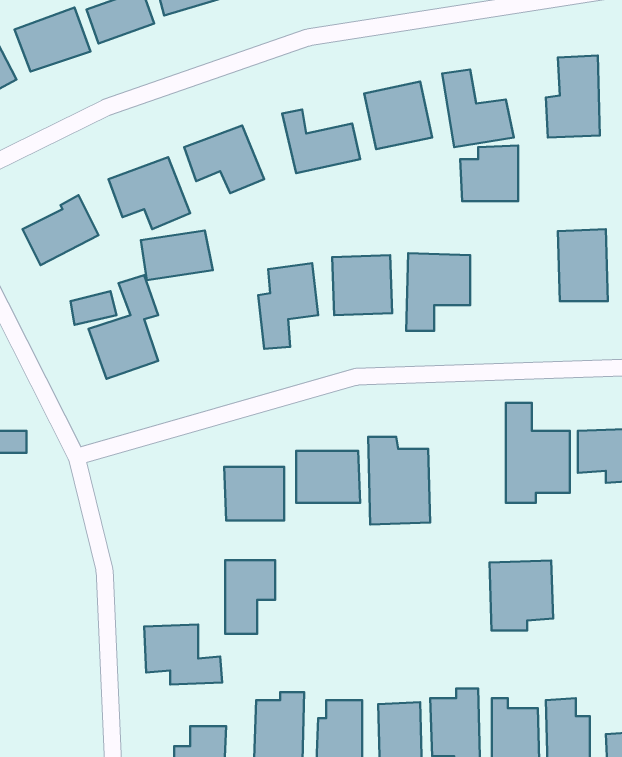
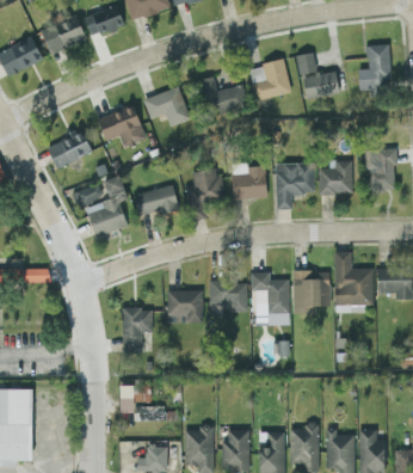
building: [460,145,518,201] -> [318,160,352,194]
building: [141,230,213,280] -> [135,186,178,216]
building: [225,560,275,634] -> [122,308,152,352]
building: [489,560,553,630] -> [291,271,329,313]

